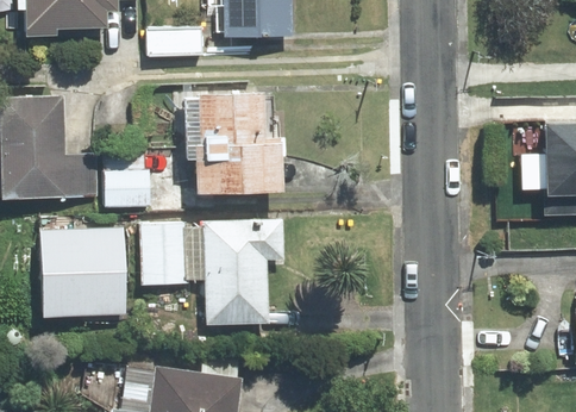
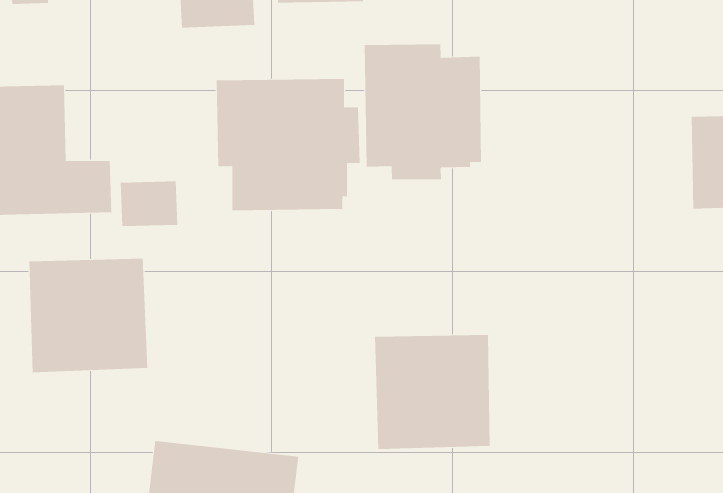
building: none -> [364,44,482,180]
building: [142,219,282,323] -> none
building: none -> [375,334,490,450]

